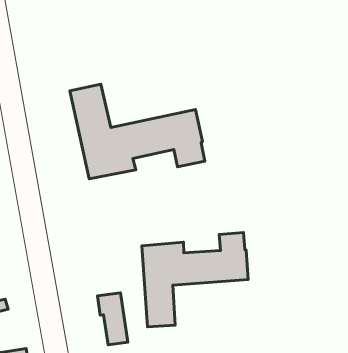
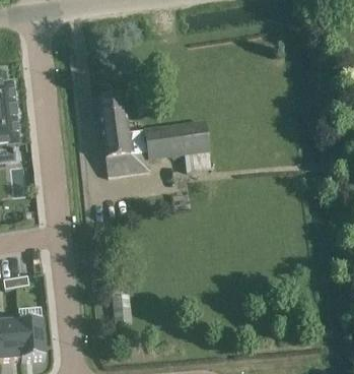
building: [142,233,248,327] -> none

